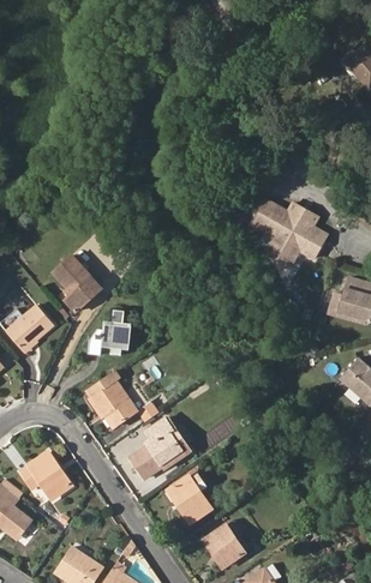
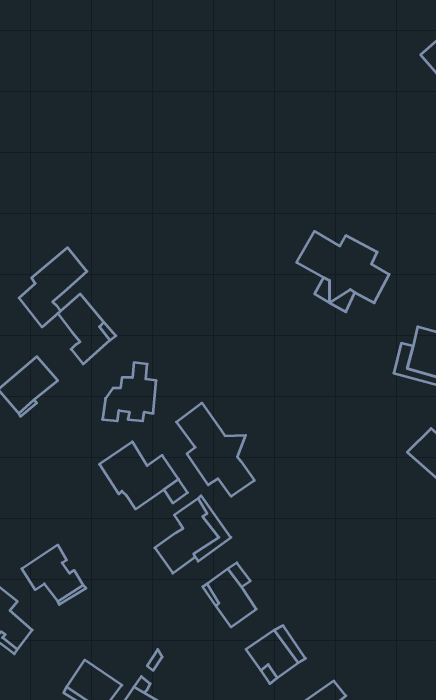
building: none -> [19,248,87,327]
building: none -> [176,403,254,496]

